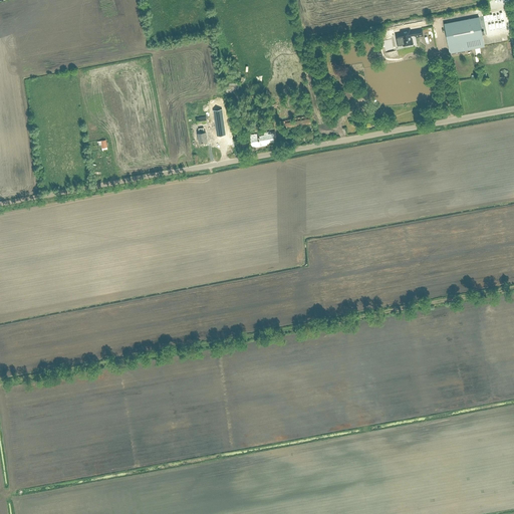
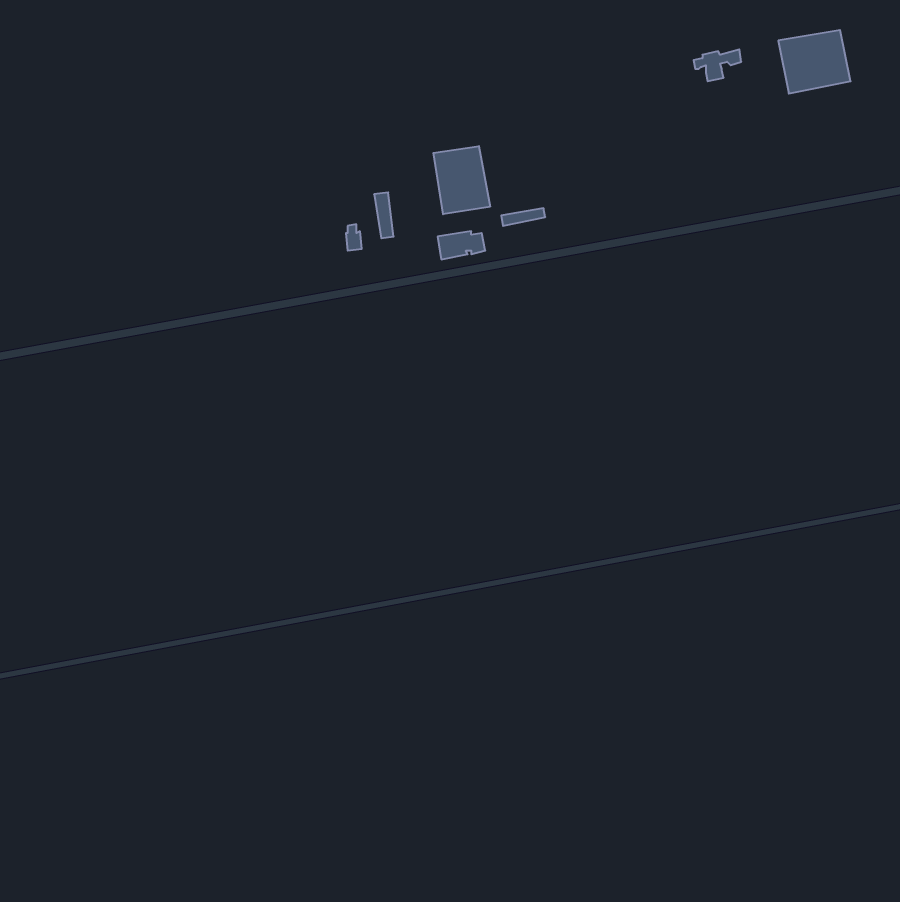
building: none -> [433,146,490,214]

